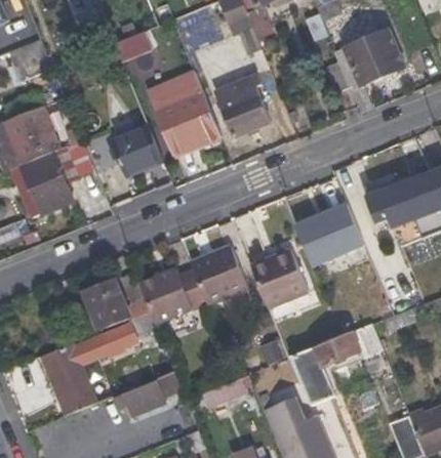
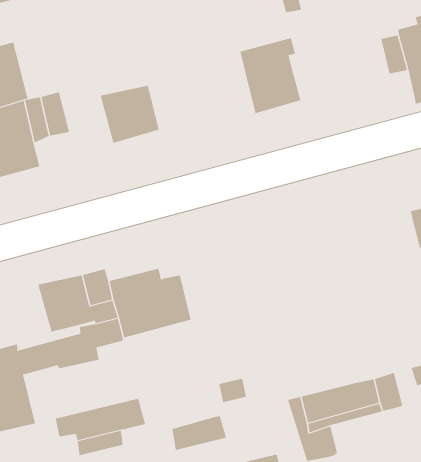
building: [148,71,218,155] -> none
building: [293,203,361,265] -> none
building: [190,244,248,307] -> none
building: [251,249,309,308] -> none

